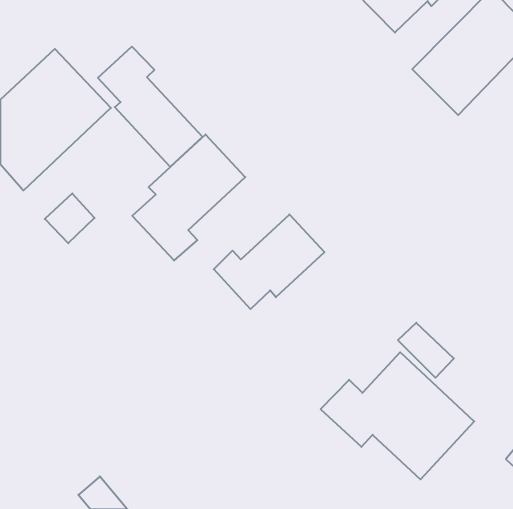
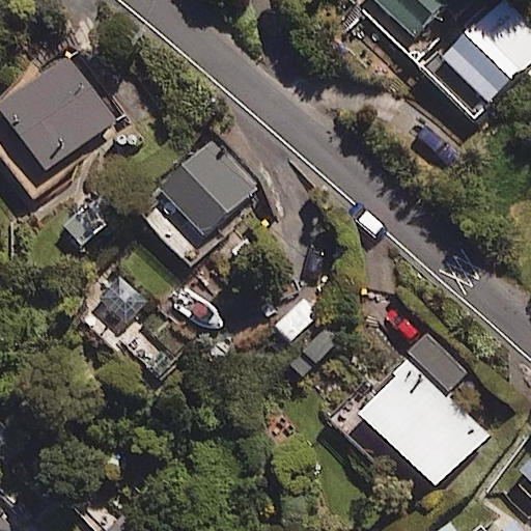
building: [98,47,202,167] -> none
building: [214,214,324,309] -> none

